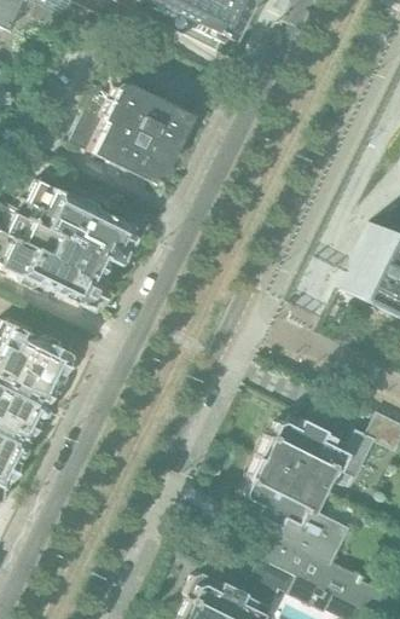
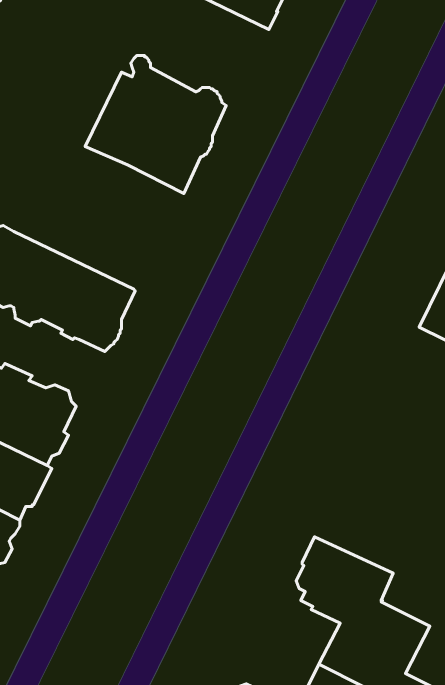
building: [24,180,139,260] -> none
building: [263,417,354,493] -> none

